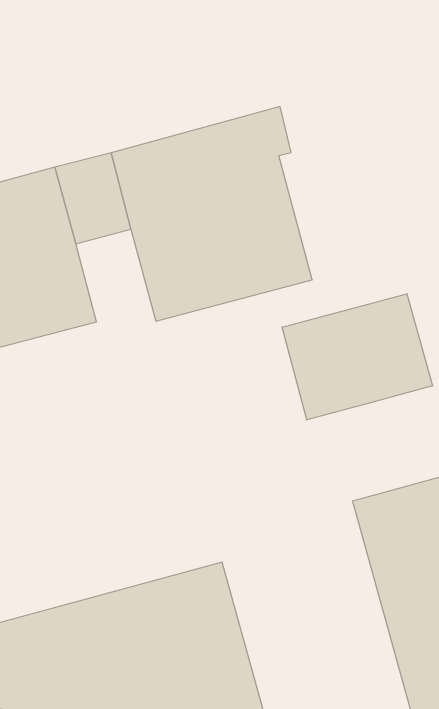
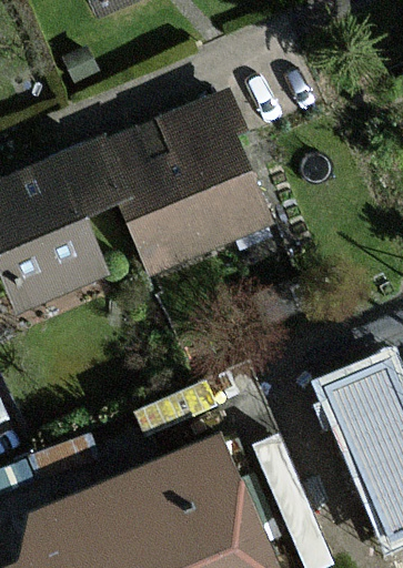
building: [282,294,433,420] -> none

